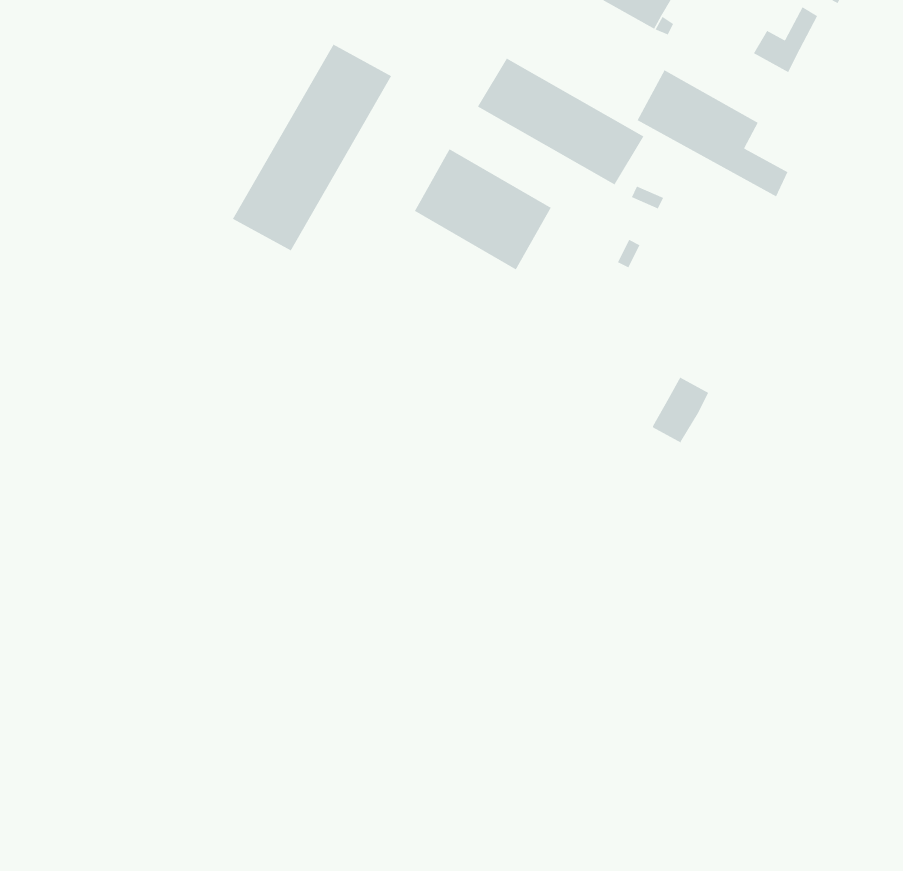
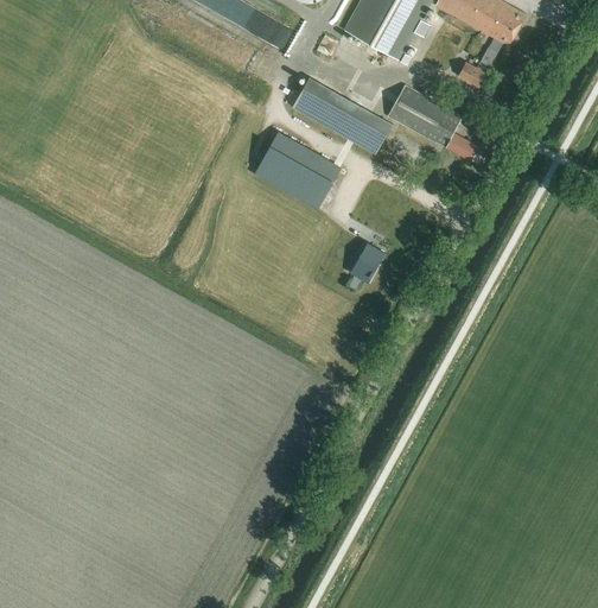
building: [232,44,392,251] -> none
building: [652,377,709,444] -> [350,242,384,283]

